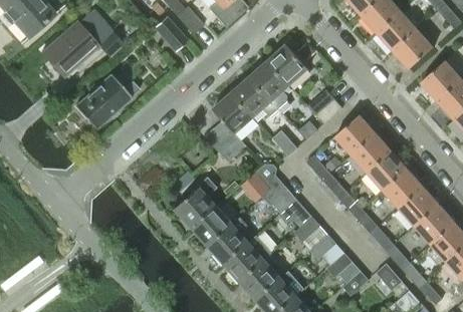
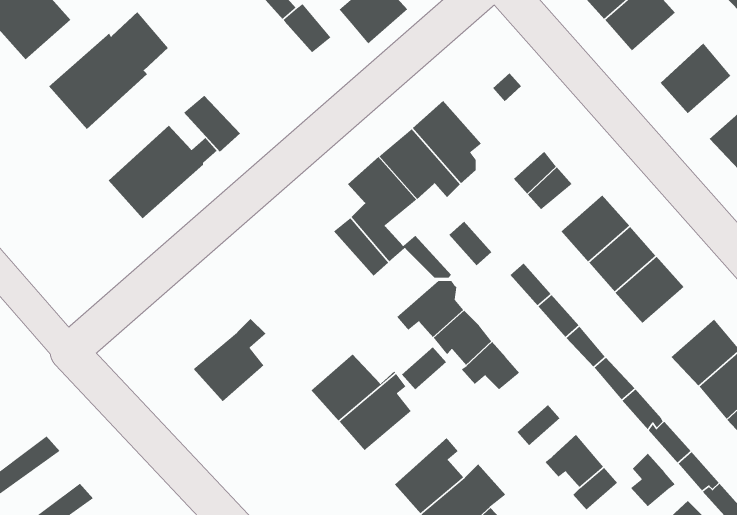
building: [377,11,418,51] -> none
building: [154,18,187,51] -> [183,95,241,153]
building: [268,45,308,86] -> none
building: [383,169,424,209] -> none
building: [175,180,217,228] -> [193,318,266,402]
building: [294,218,328,252] -> none
building: [223,235,272,282] -> none

